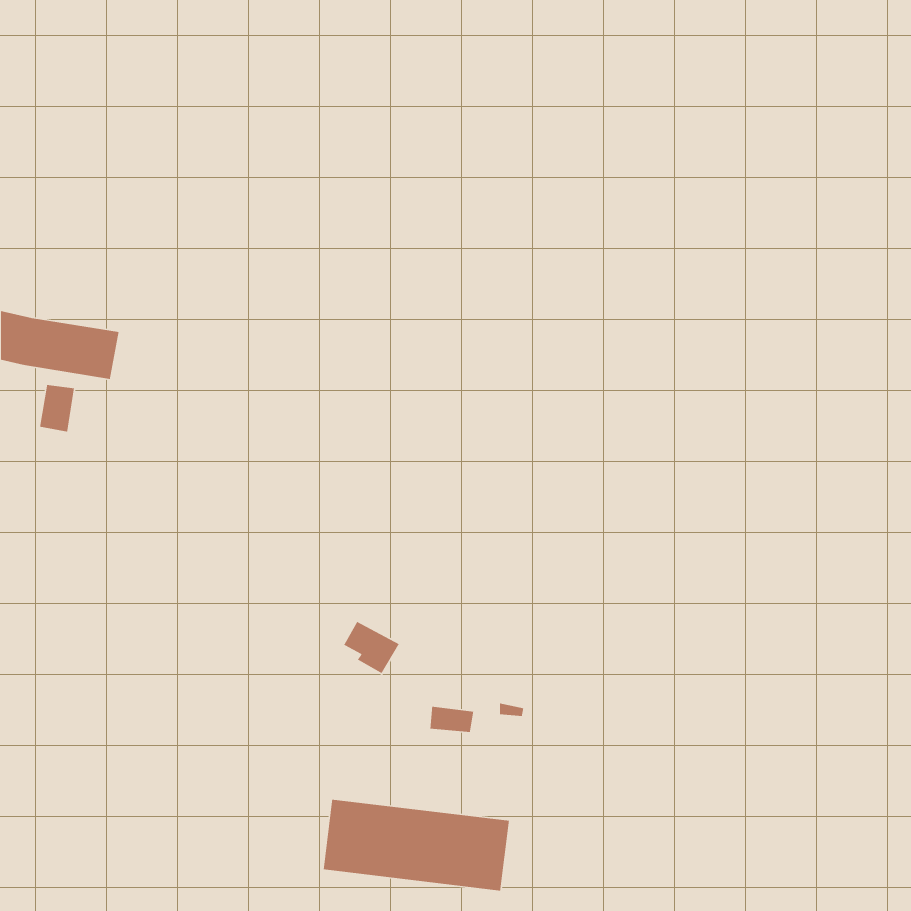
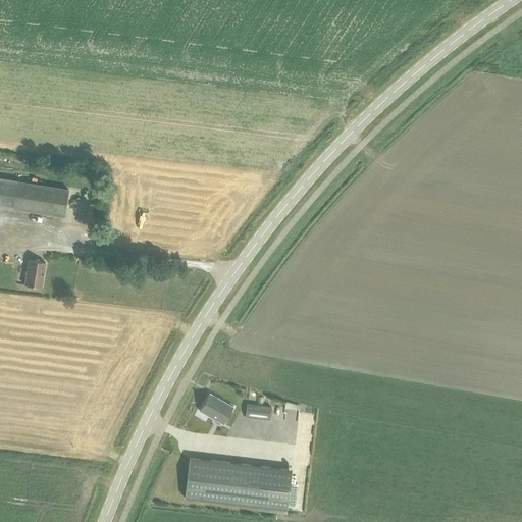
building: [39,384,75,432] -> [24,260,45,288]
building: [341,621,400,674] -> [200,394,233,424]

